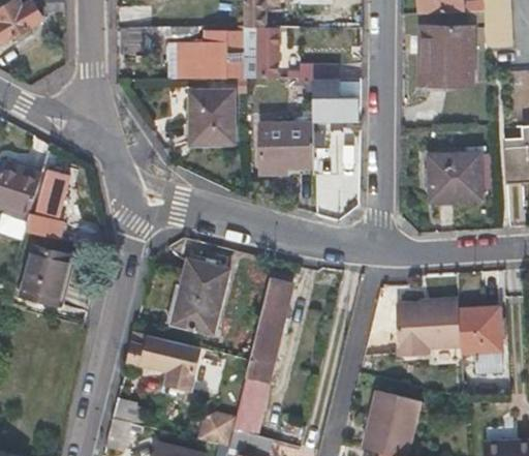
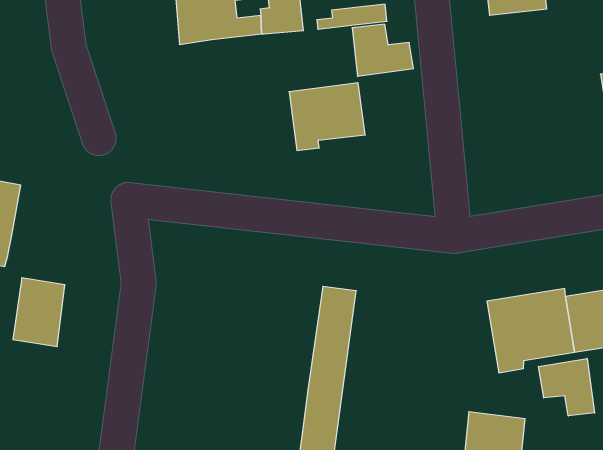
building: [193,91,234,143] -> none
building: [430,154,481,200] -> none
building: [26,170,70,238] -> none
building: [175,260,228,333] -> none
building: [129,330,203,389] -> none
building: none -> [539,358,595,416]

